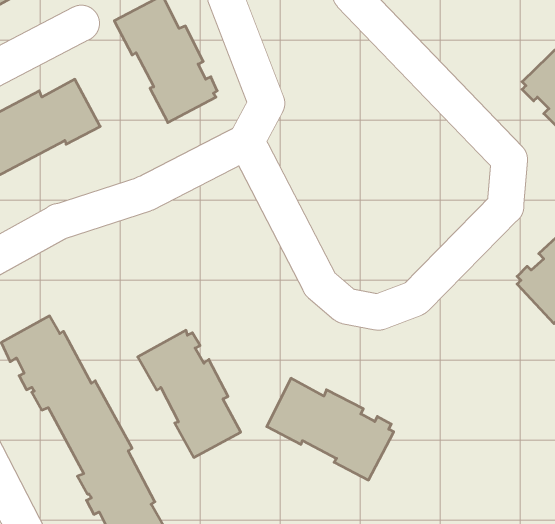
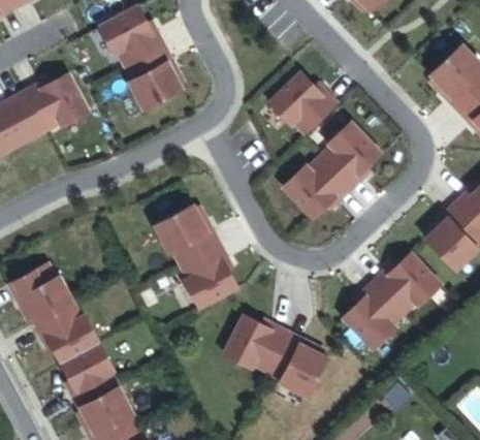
building: none -> [269,71,337,133]
building: none -> [283,121,381,218]
building: none -> [342,253,441,349]
building: [138,330,241,457] -> [153,205,236,308]

